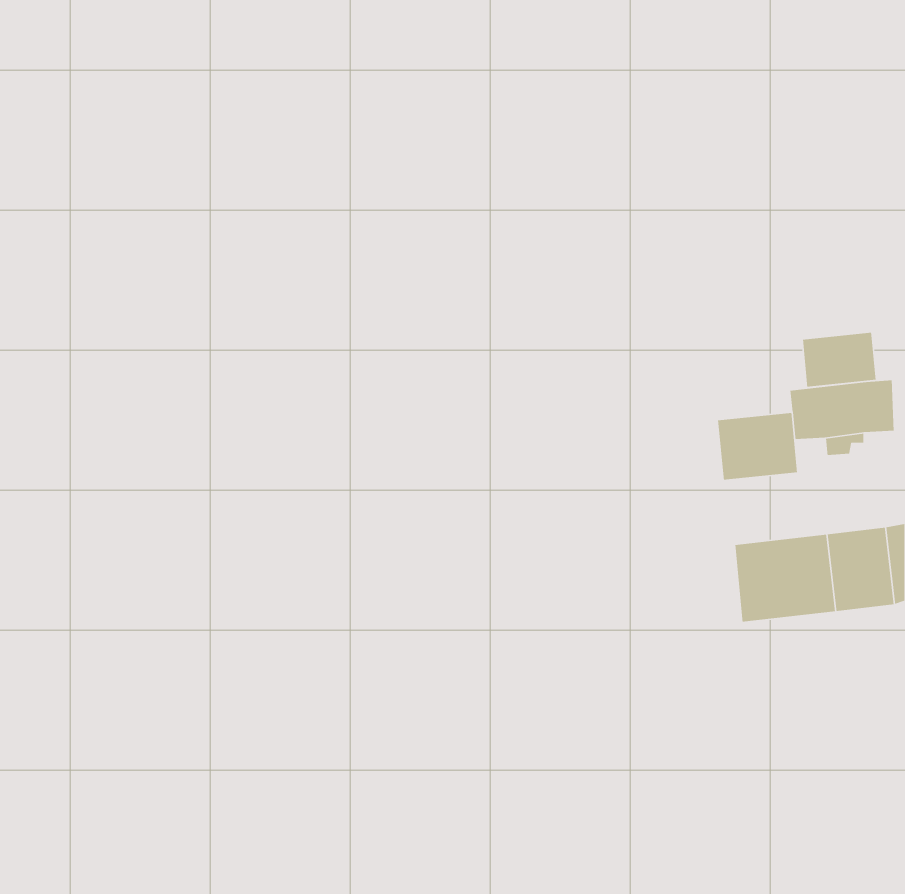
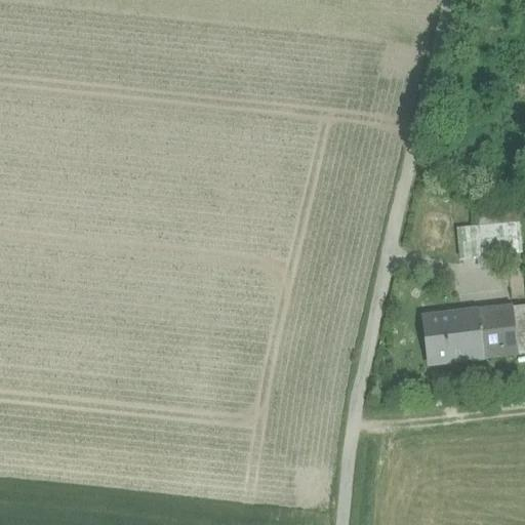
building: [802,332,877,387] -> none
building: [717,412,798,481] -> none

